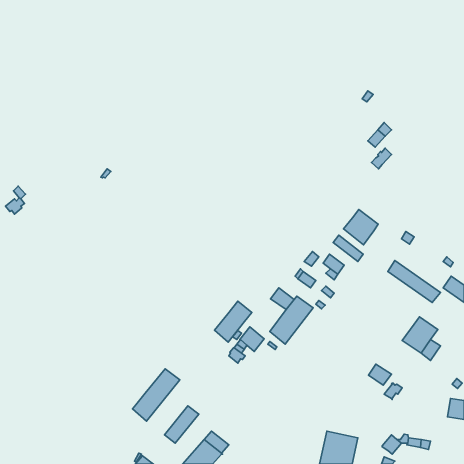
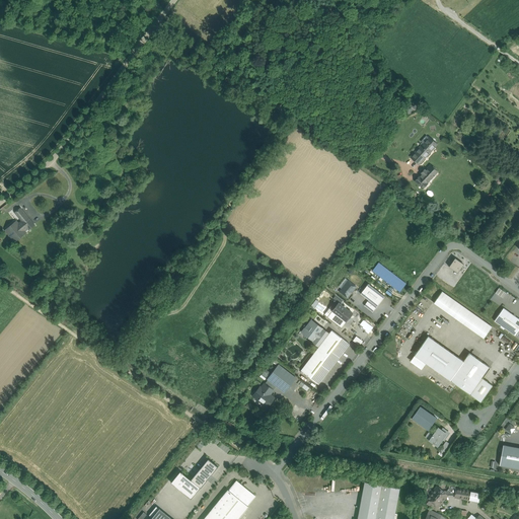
building: [344,209,378,245] -> none
building: [214,301,252,342] -> none
building: none -> [413,337,462,380]
building: [133,369,180,421] -> none

